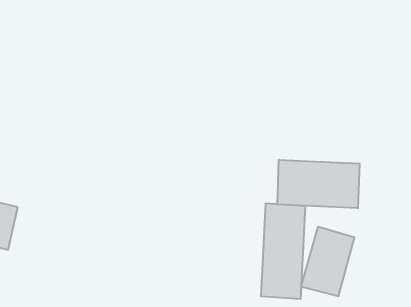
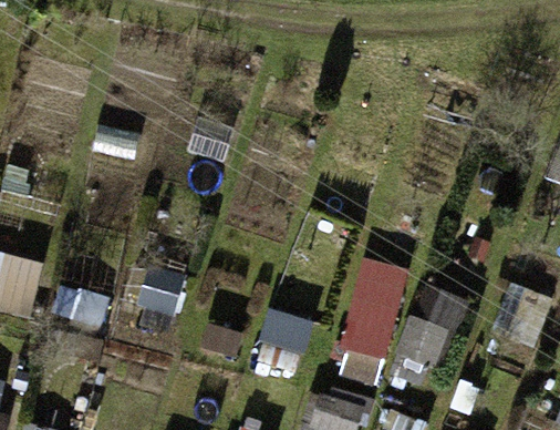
building: [277,160,359,208] -> none

